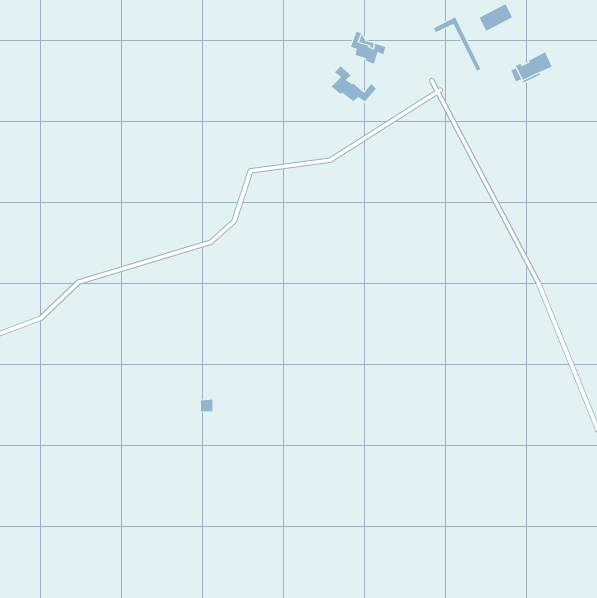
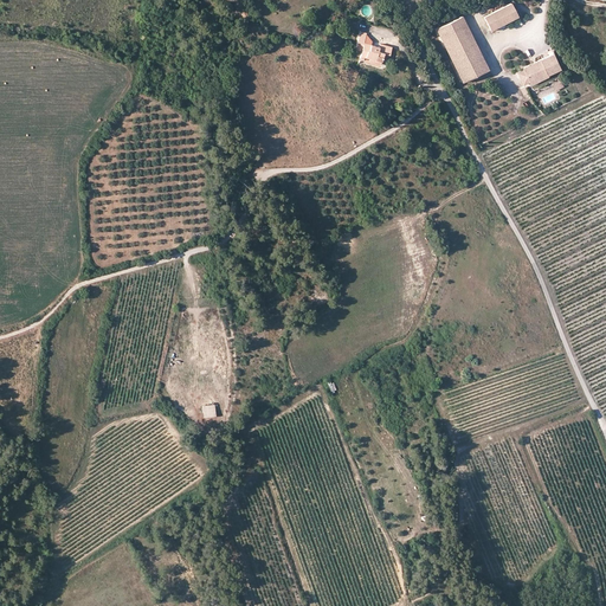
building: none -> [441,25,483,80]
building: [330,66,376,103] -> none

